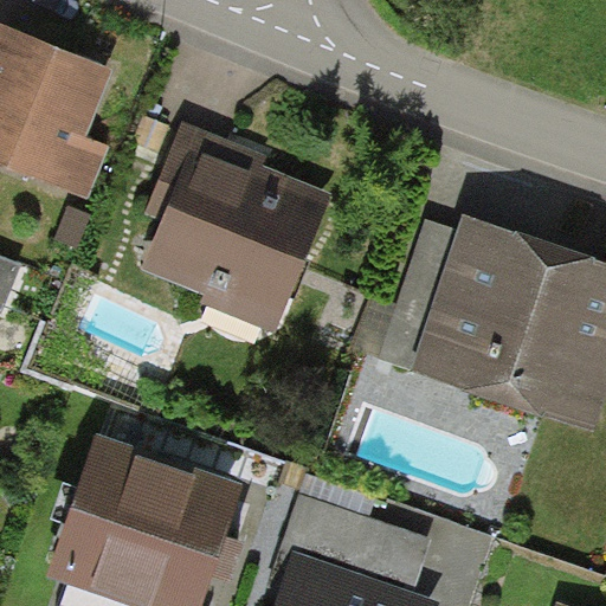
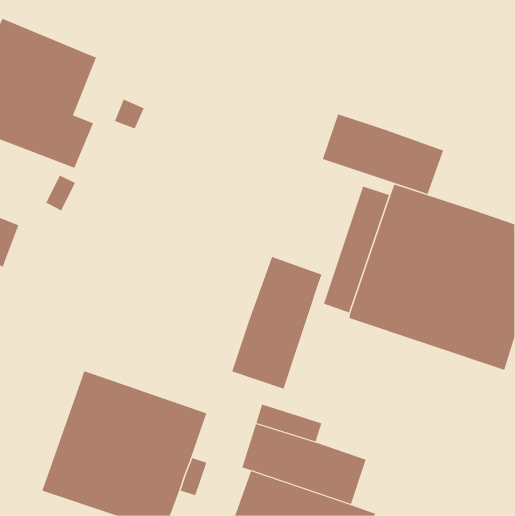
building: [140,121,330,331] -> none
building: none -> [322,113,444,195]
building: none -> [232,256,322,390]

